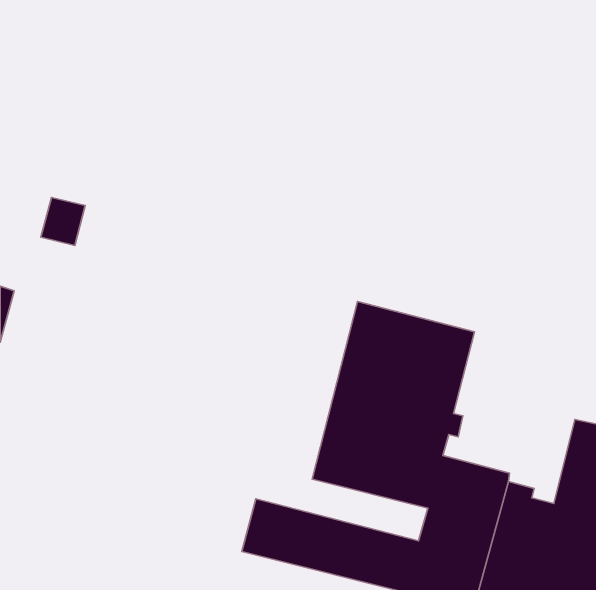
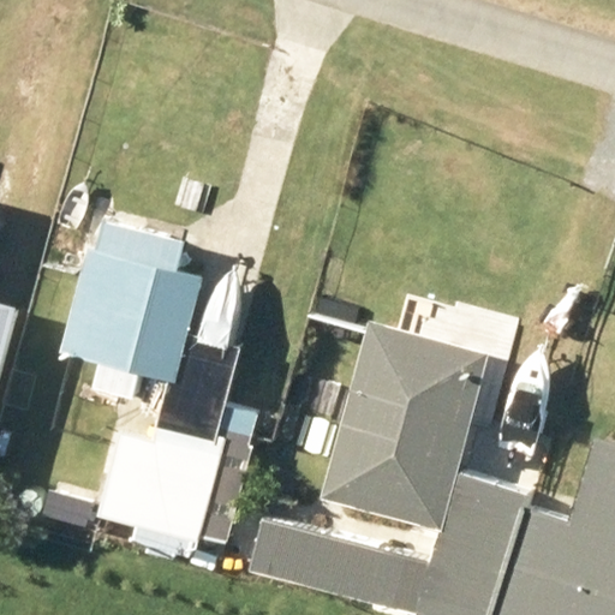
building: none -> [60,223,202,398]
building: none -> [100,407,257,557]

